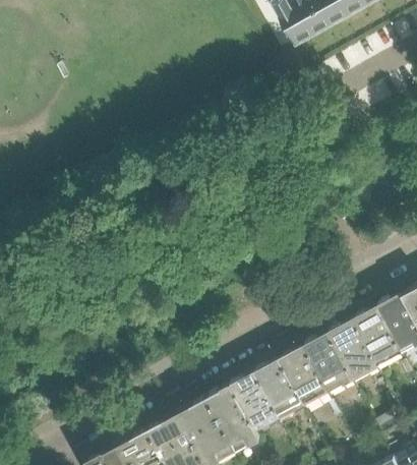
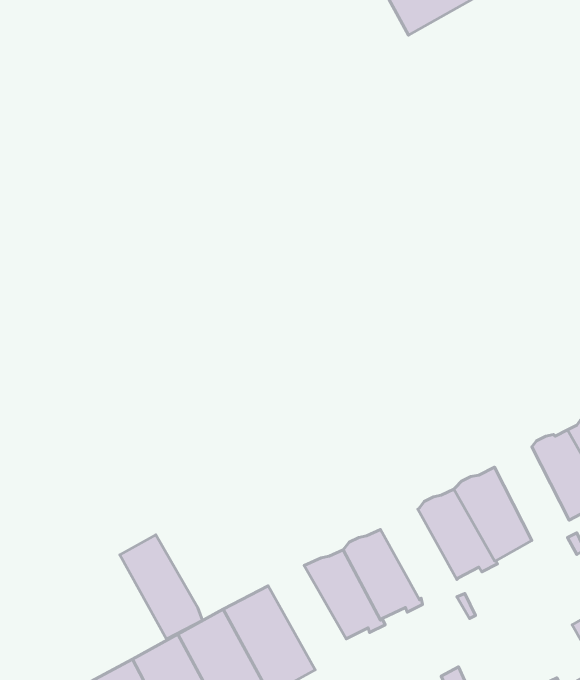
building: [354,306,403,367] -> none
building: [280,347,332,406] -> none
building: [206,384,260,452] -> [120,535,203,639]

